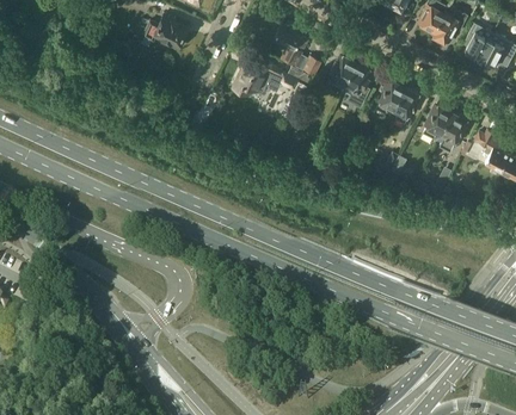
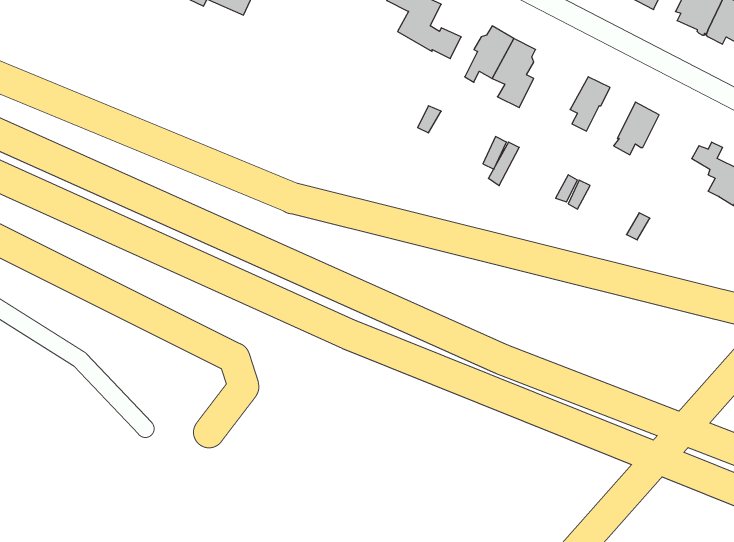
building: [234,62,312,103] -> none
building: [376,80,406,114] -> none
building: [437,113,468,153] -> none

